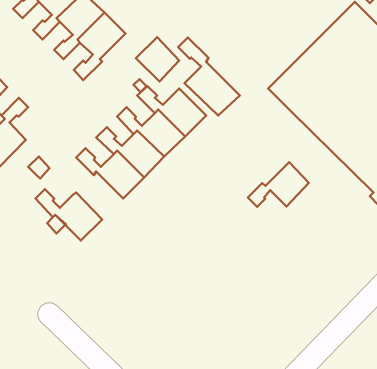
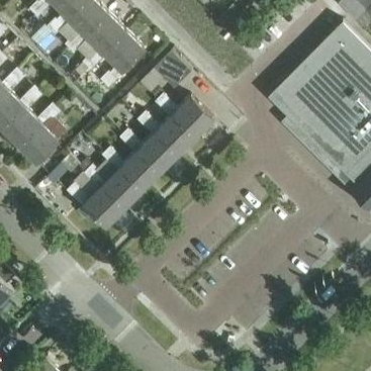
building: [178,37,240,116] -> none
building: [248,162,309,207] -> none
building: none -> [83,167,142,210]

